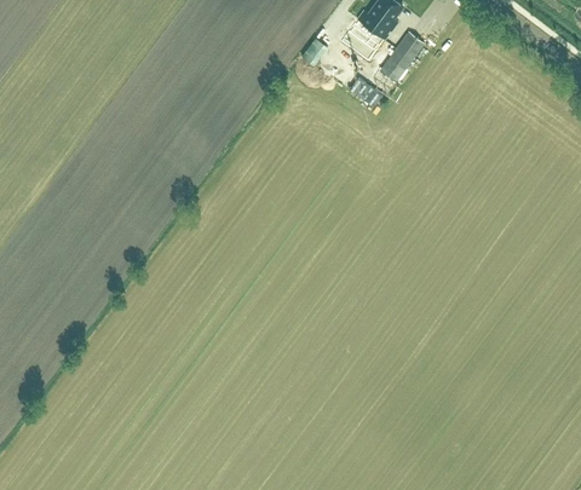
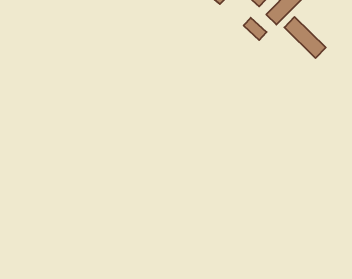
building: none -> [284,17,326,58]

